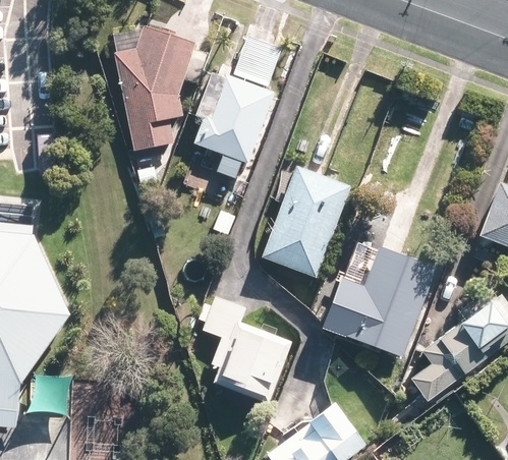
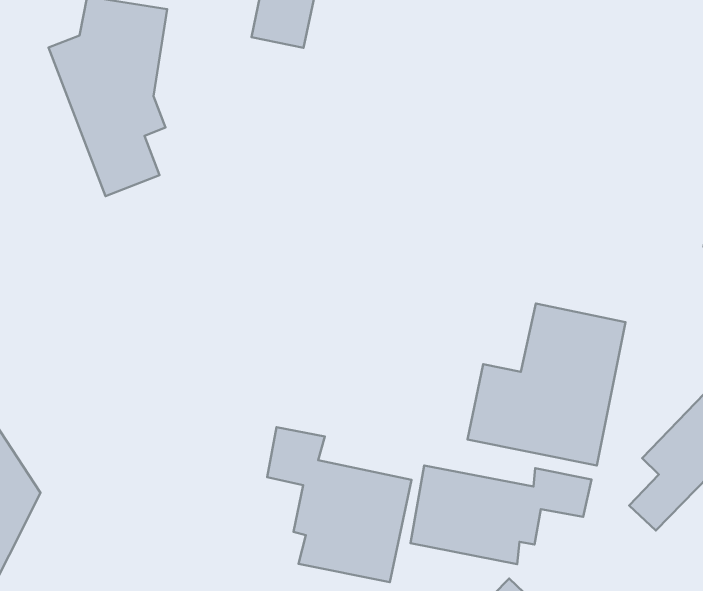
building: [199,75,270,159] -> none
building: [266,169,347,273] -> none
building: none -> [410,466,592,564]

